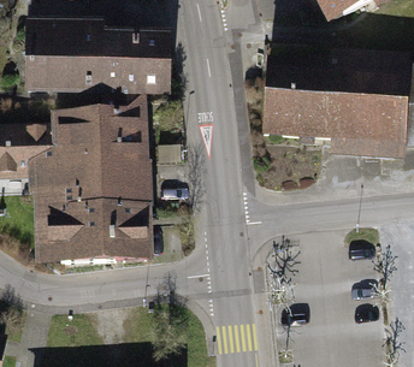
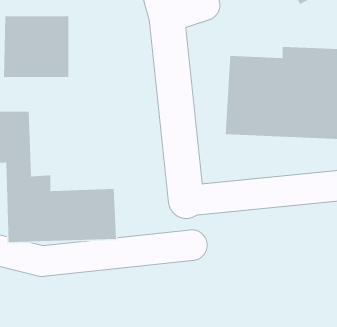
building: [99,35,167,90] -> none
building: [57,100,147,208] -> none

